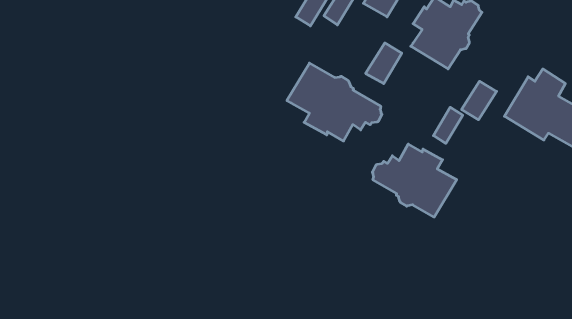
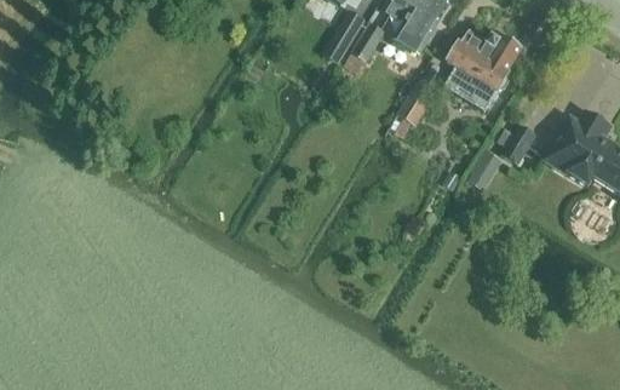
building: [287,63,382,141] -> none
building: [372,144,457,217] -> none

